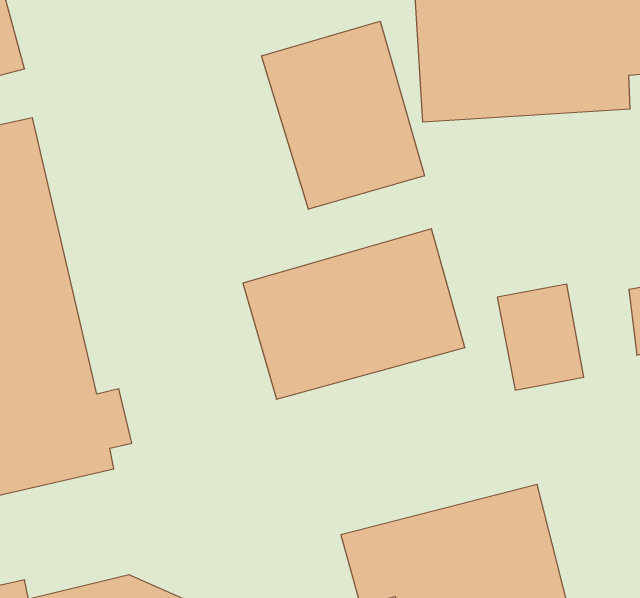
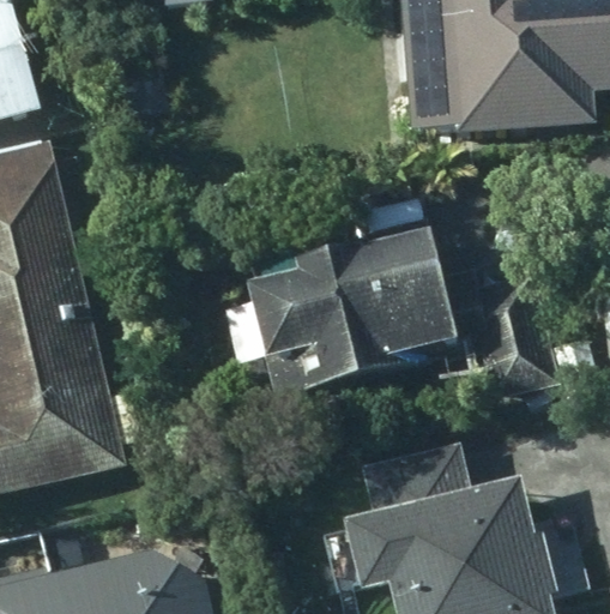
building: [262,21,425,209] -> none

